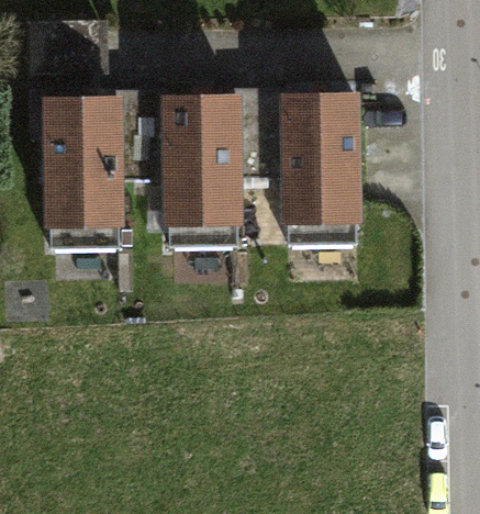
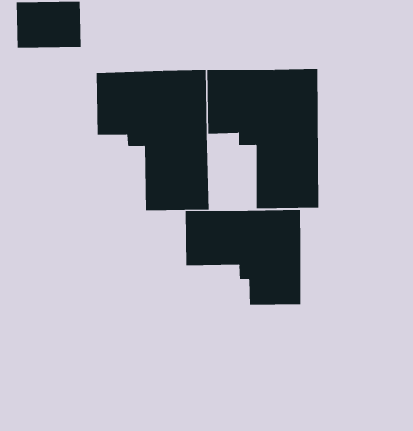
building: [48,99,119,249] -> none
building: none -> [185,209,301,306]

